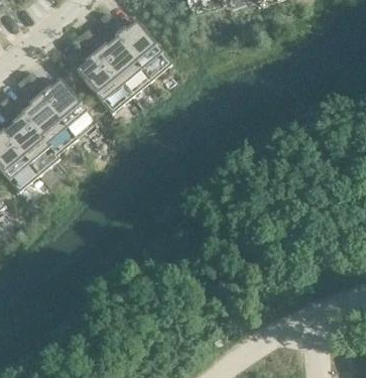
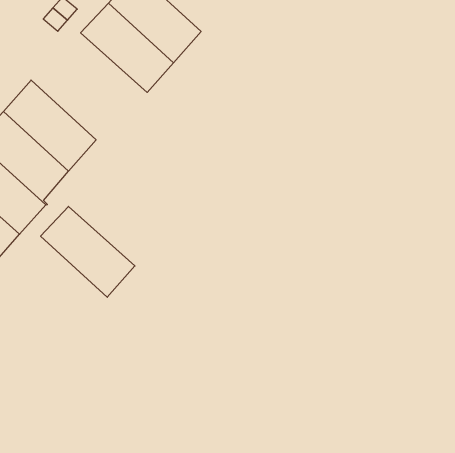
building: [75,52,131,113] -> [41,206,135,297]

